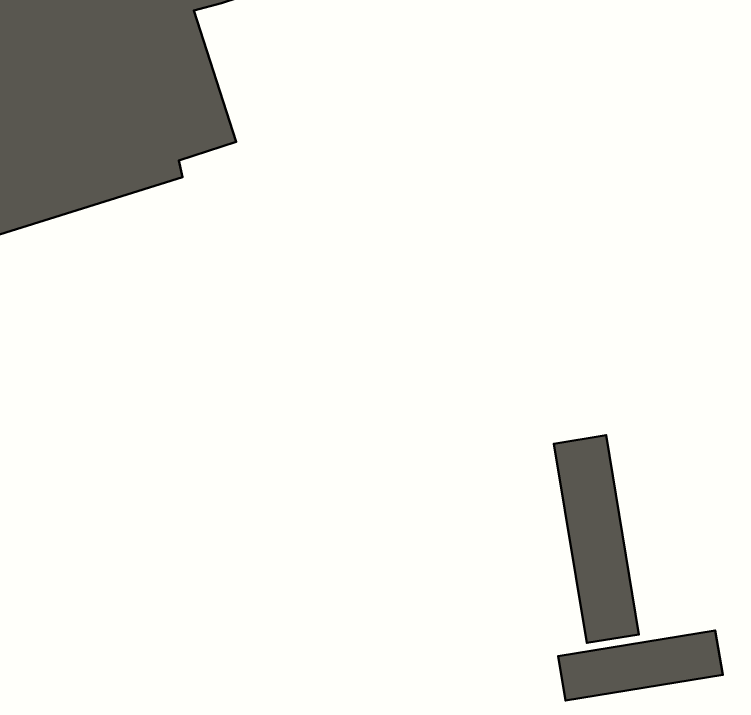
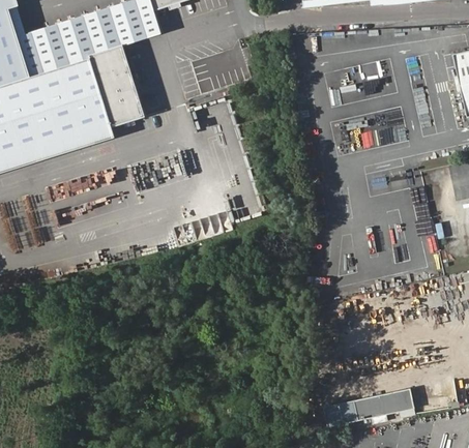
building: [554,435,639,643] -> none

